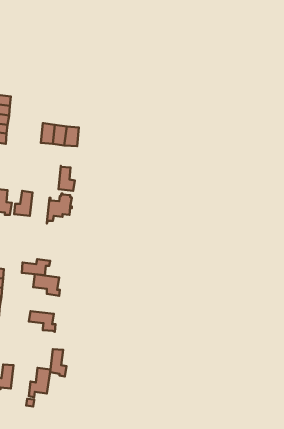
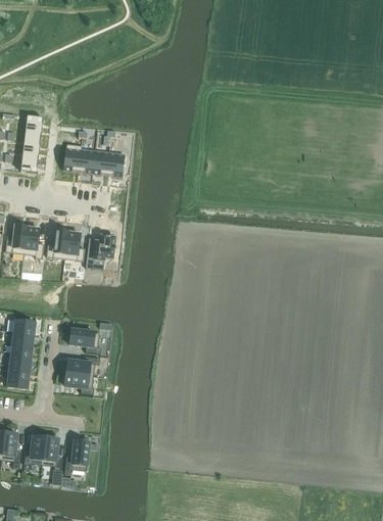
building: none -> [63,142,82,171]
building: [58,166,75,191] -> [65,230,85,259]
building: [22,259,50,275] -> [66,354,100,374]
building: [50,349,66,376] -> [43,435,62,468]

